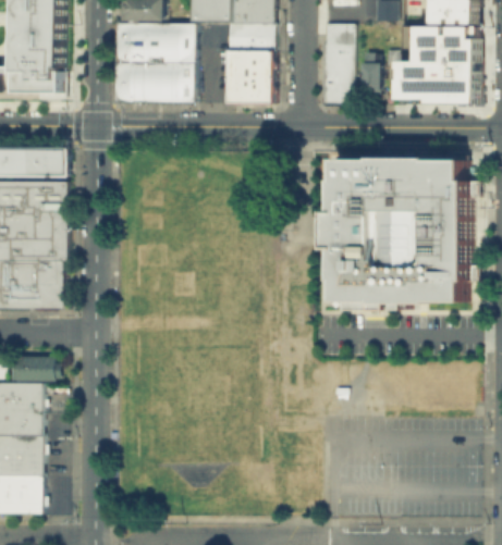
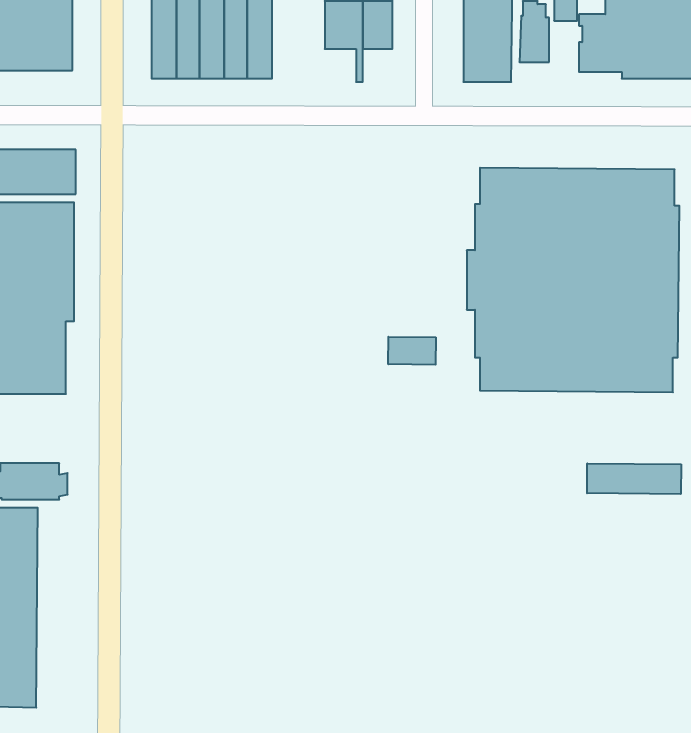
building: [230,82,250,103] -> none
building: [255,82,274,103] -> none
building: none -> [388,337,436,365]
building: none -> [587,463,681,494]

